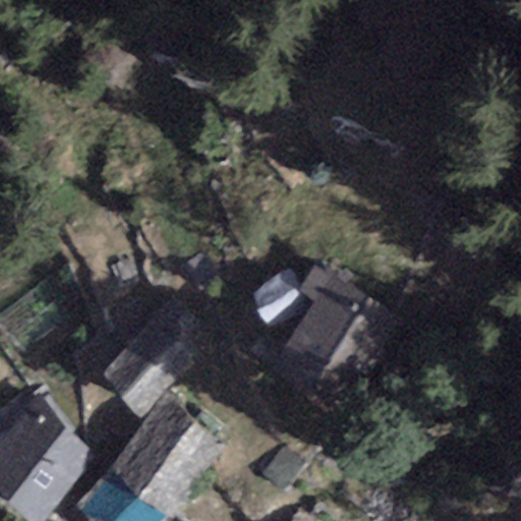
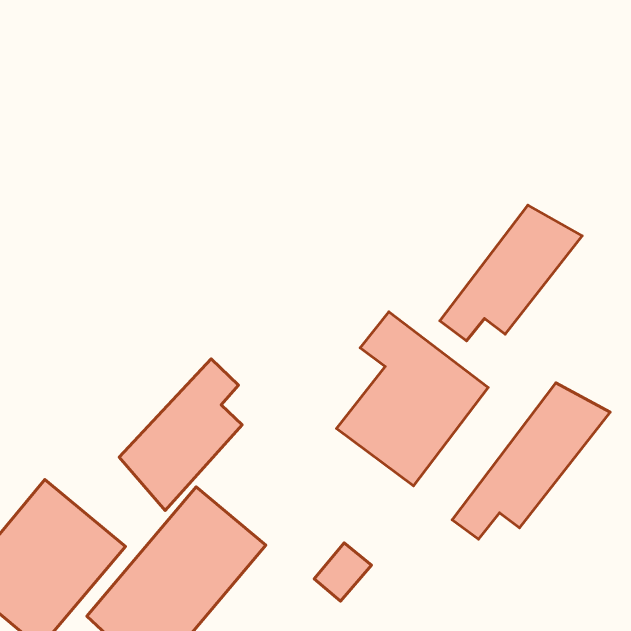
building: none -> [440,205,582,341]
building: none -> [452,383,610,539]

